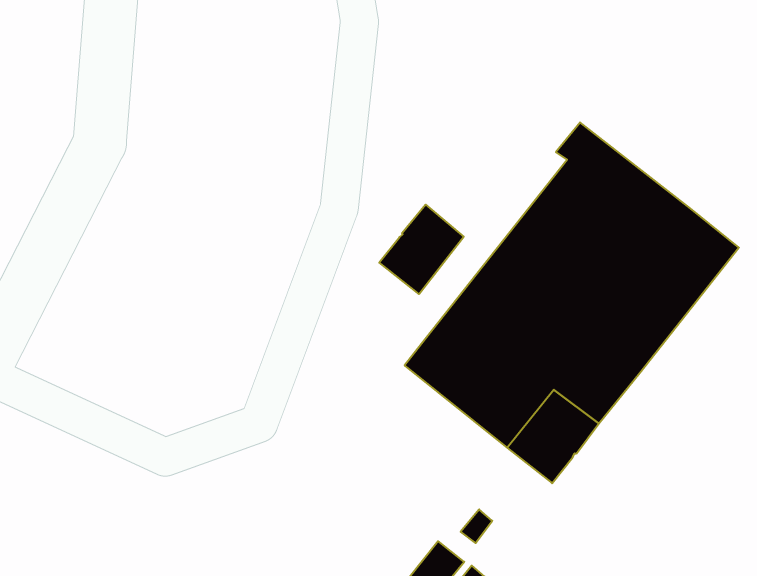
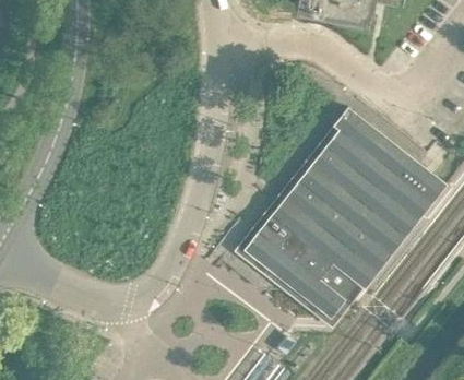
building: [379,205,464,294] -> none

